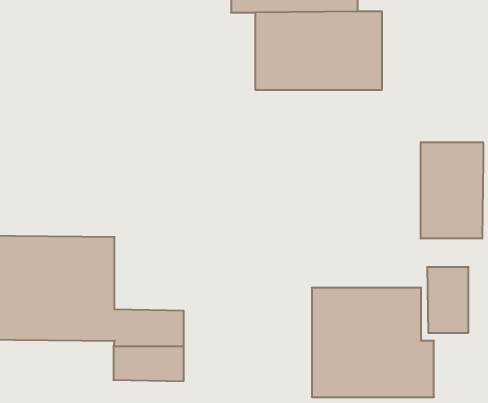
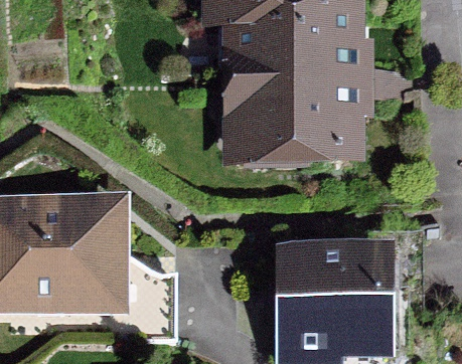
building: none -> [230,83,341,154]
building: [421,142,483,239] -> none

